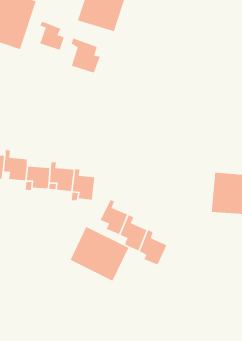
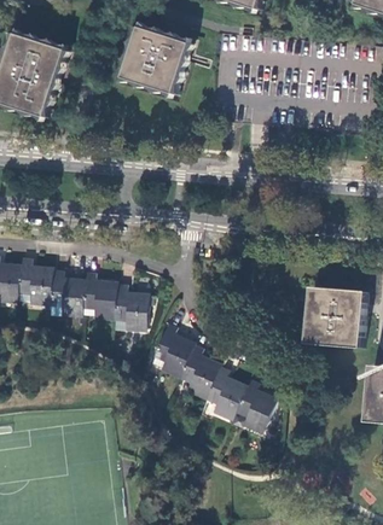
building: [39,21,65,51] -> none
building: [71,38,101,74] -> none
building: [69,226,129,282] -> none
building: none -> [234,379,273,428]

